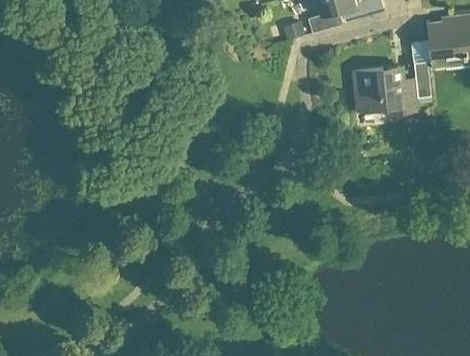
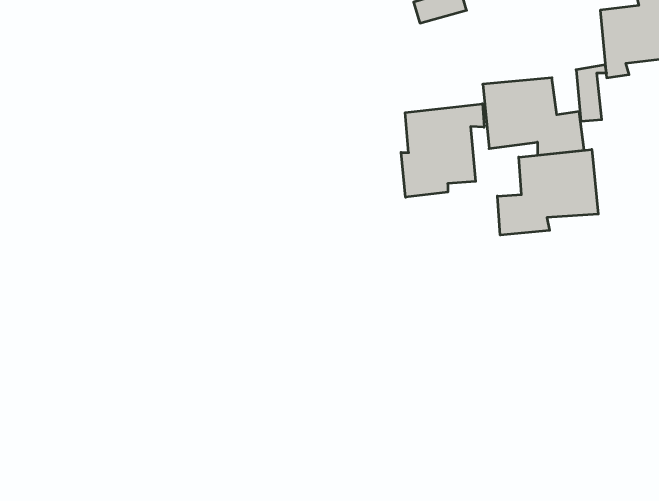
building: none -> [401,104,484,197]
building: none -> [497,149,598,235]

